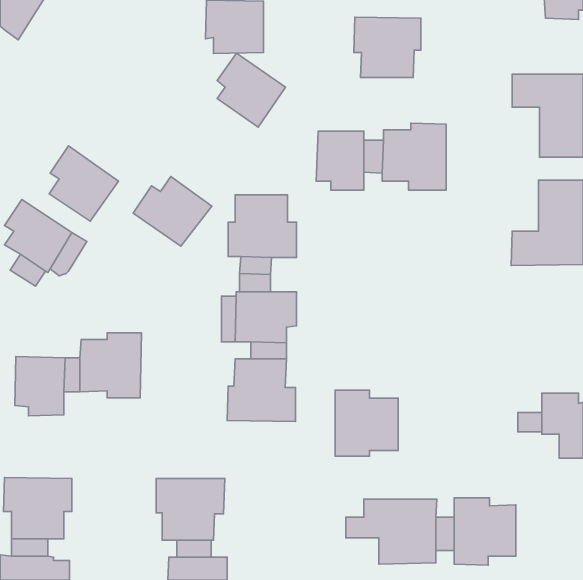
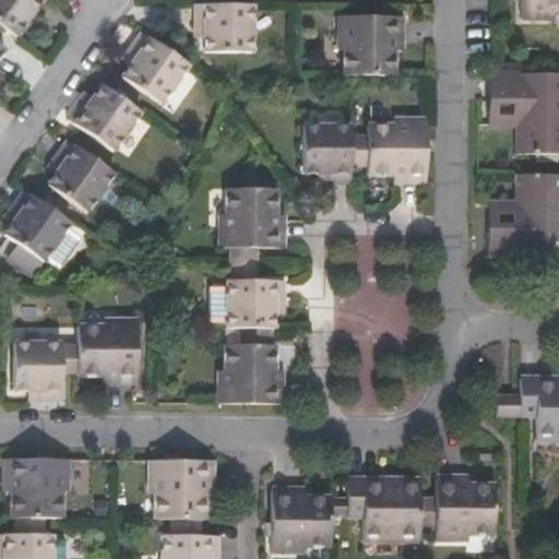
building: [217,53,286,127] -> [123,32,189,103]
building: [133,177,212,246] -> [68,83,143,150]
building: [335,390,398,456] -> [271,488,331,551]

